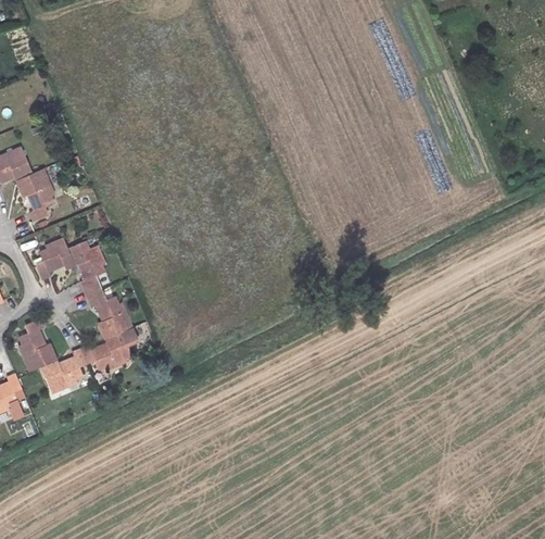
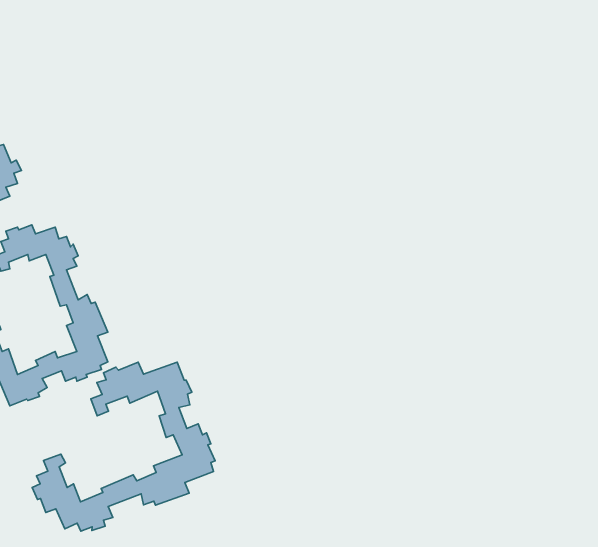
building: none -> [32,362,215,531]

